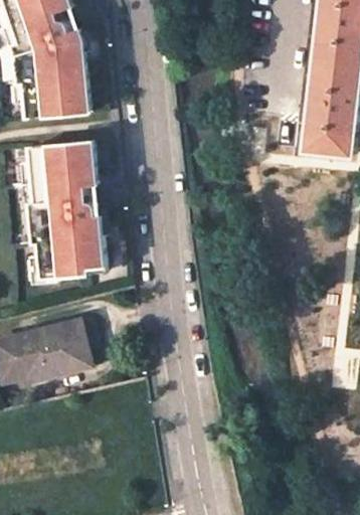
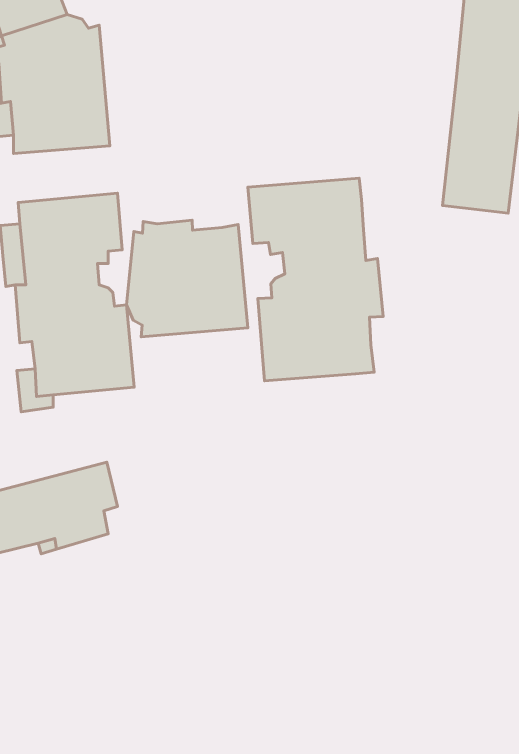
building: none -> [248,178,383,381]
building: none -> [127,220,248,337]

